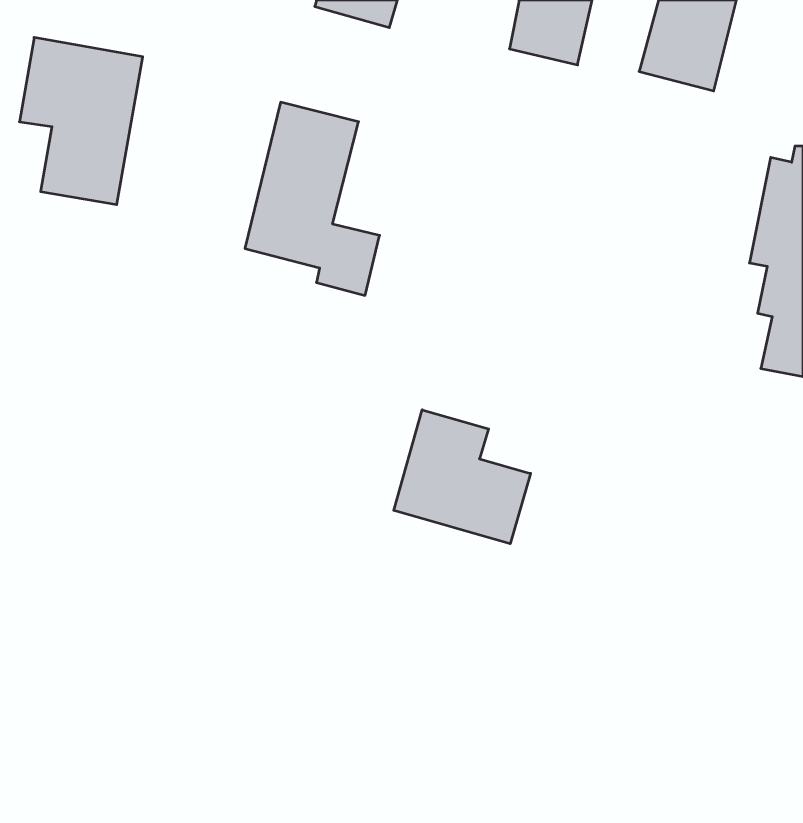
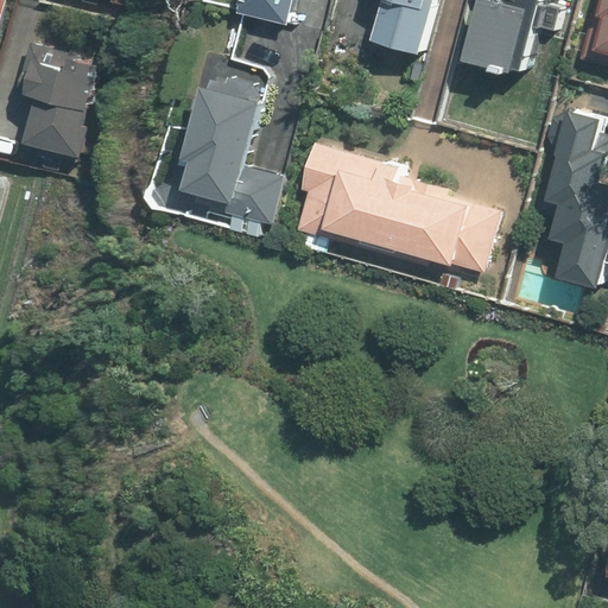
building: none -> [296,141,496,280]
building: [394,410,531,544] -> none

